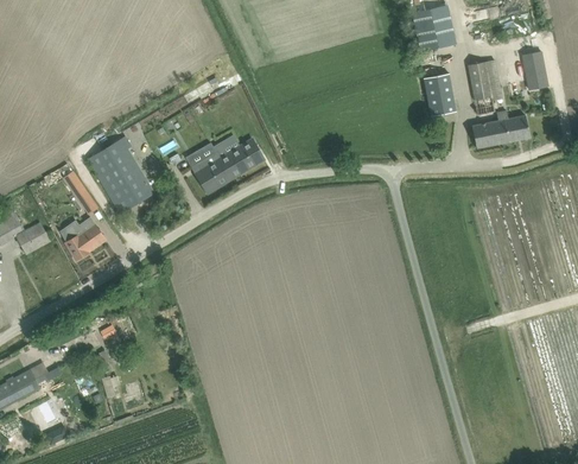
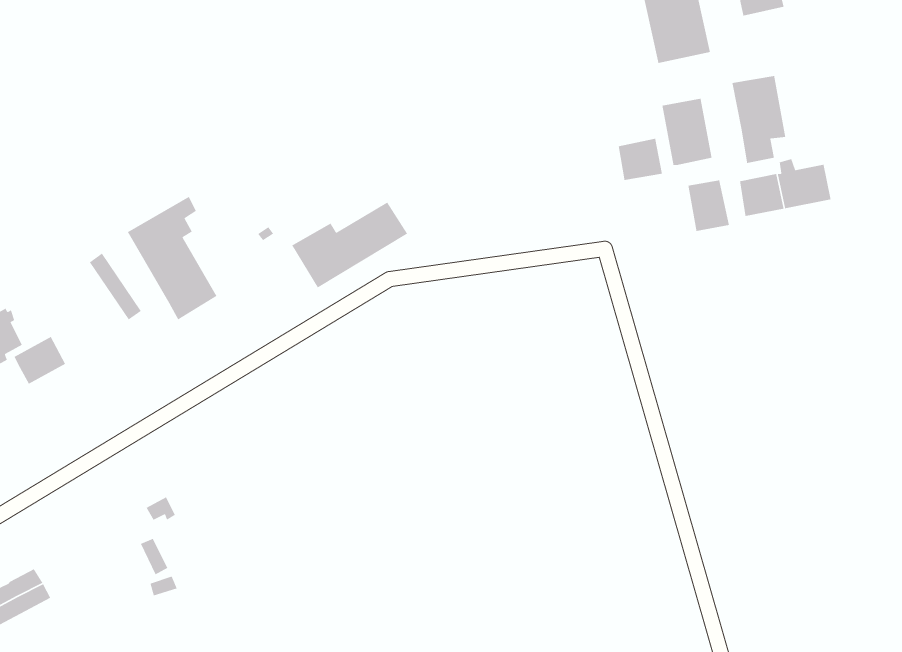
building: [523,51,548,89] -> none
building: none -> [618,138,663,181]
building: none -> [687,179,730,232]
building: [59,217,106,260] -> none

